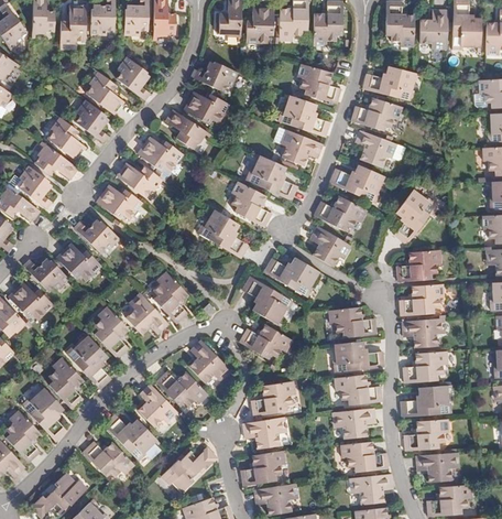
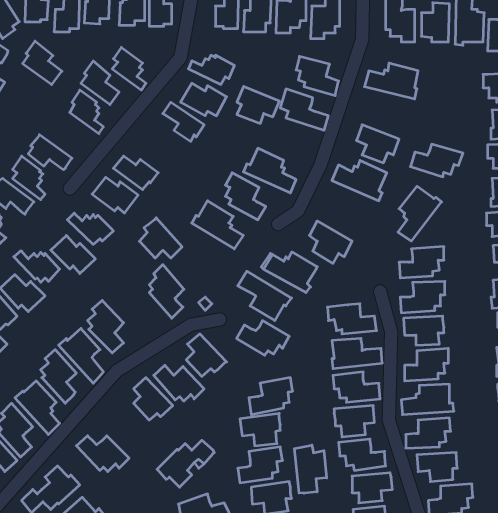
building: [352,104,404,136] -> [410,144,463,177]
building: [47,113,86,156] -> [23,41,62,85]
building: [280,129,321,165] -> [237,86,279,123]
building: [139,136,184,171] -> none
building: [317,198,370,231] -> none
building: [124,293,166,333] -> [139,218,182,258]
building: [103,410,156,456] -> none
building: none -> [294,445,327,493]

